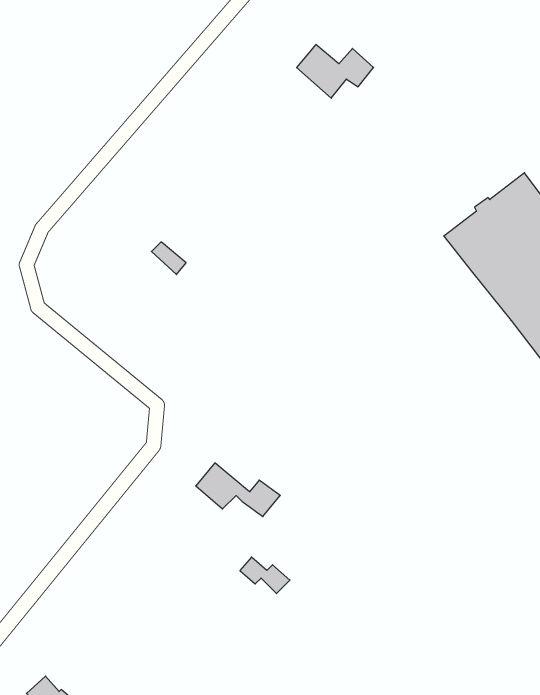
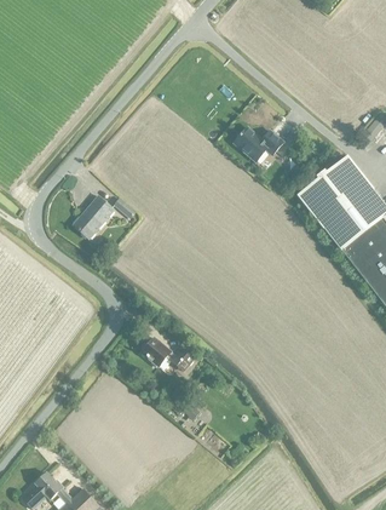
building: [297,44,374,98] -> [234,127,282,161]
building: none -> [71,195,114,239]

